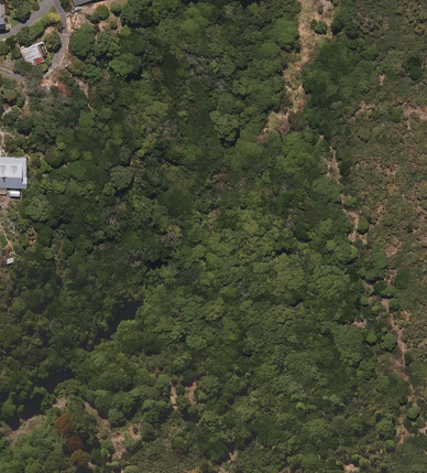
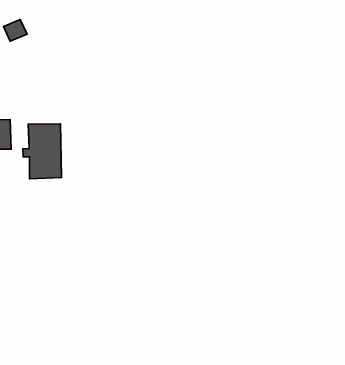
building: none -> [23,124,62,179]

